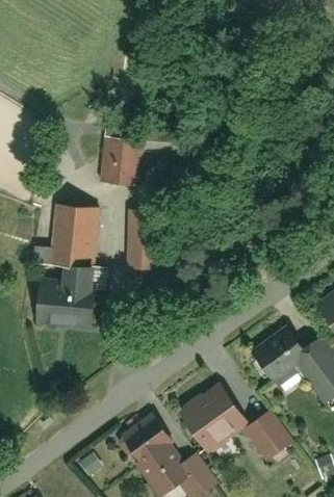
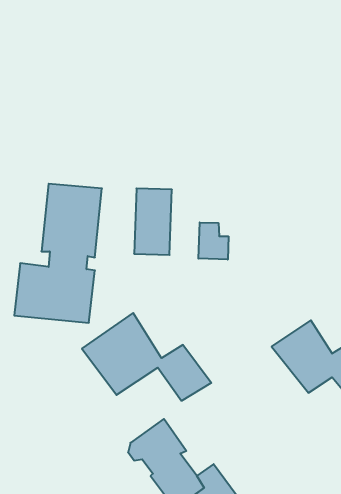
building: [99,138,146,188] -> none
building: none -> [198,222,228,260]
building: [177,378,290,455] -> [82,313,211,401]

